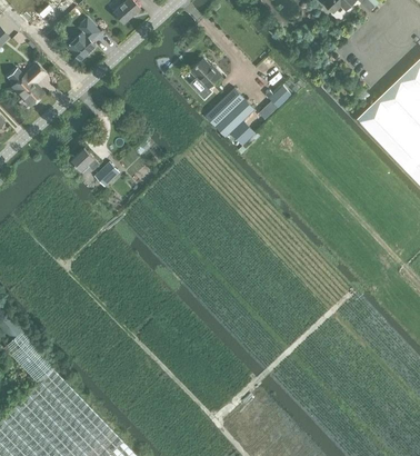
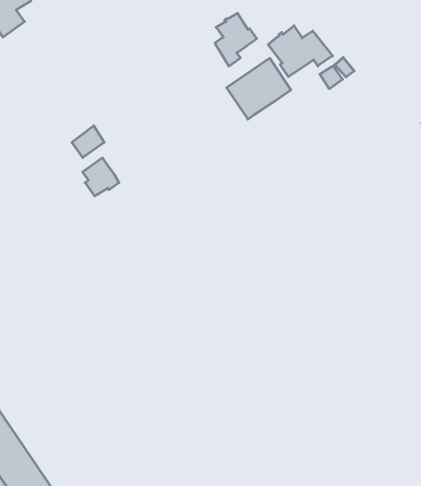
building: none -> [268,26,333,77]
building: [71,148,100,178] -> [83,158,119,196]

